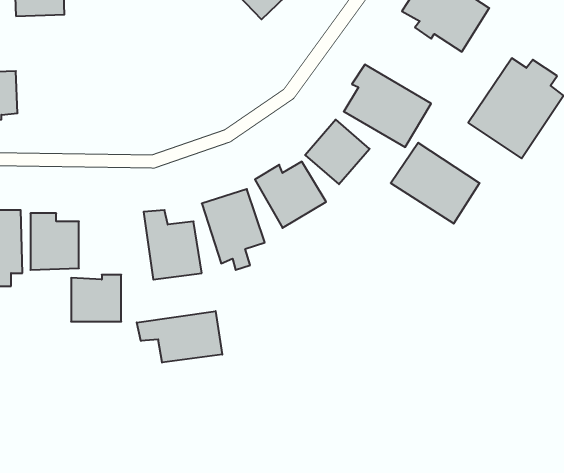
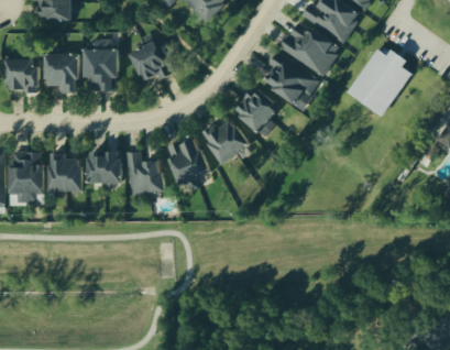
building: none -> [84,40,118,91]
building: none -> [131,43,168,81]
building: none -> [45,53,77,94]
building: [391,143,480,224] -> [279,21,340,76]
building: [71,275,121,322] -> [87,152,121,184]
building: [137,311,222,363] -> none

